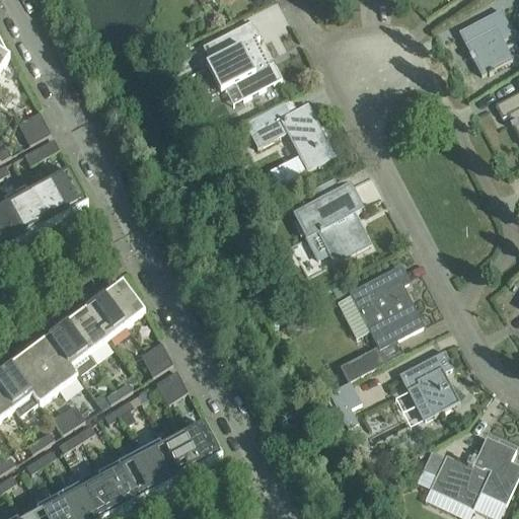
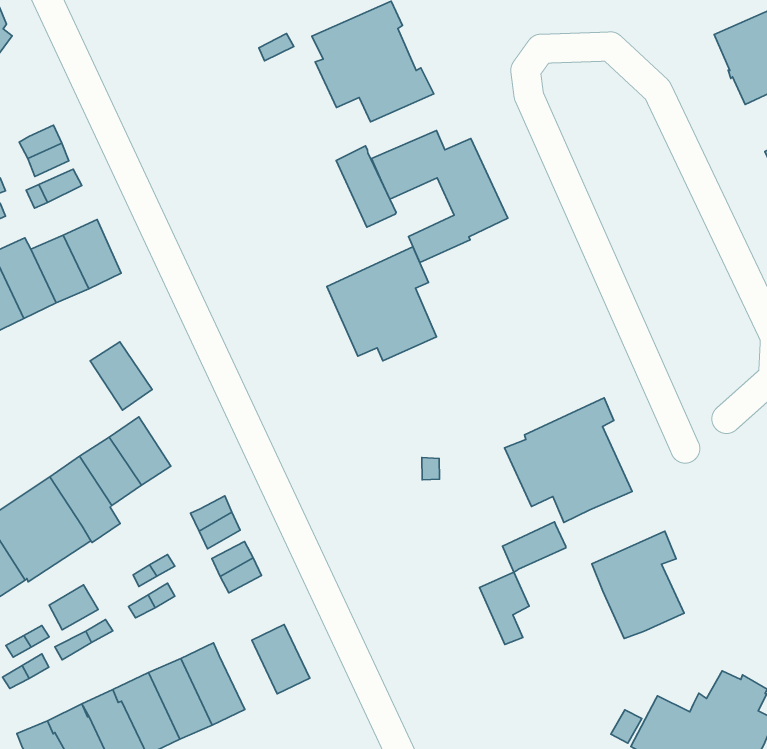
building: none -> [336,146,396,227]
building: [295,187,367,261] -> [327,247,436,361]
building: [103,282,144,325] -> [90,342,152,410]
building: [163,434,202,478] -> none

